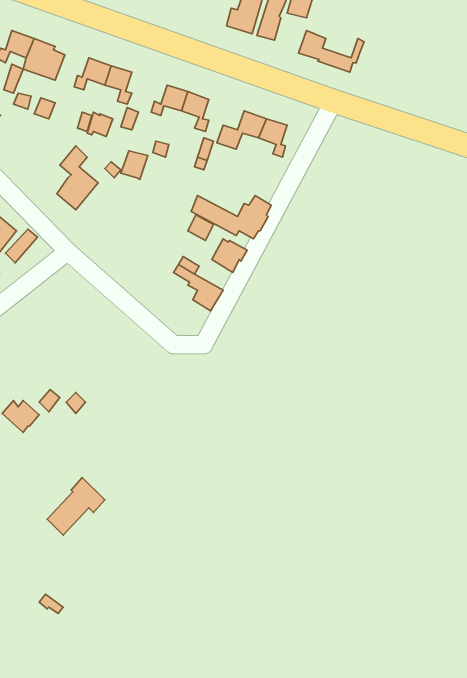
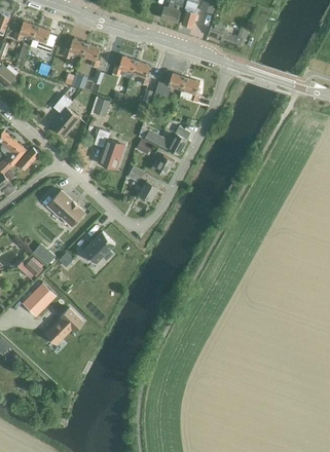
building: none -> [95,129,124,168]
building: none -> [45,190,82,226]
building: none -> [82,231,114,263]
building: none -> [22,281,56,315]

